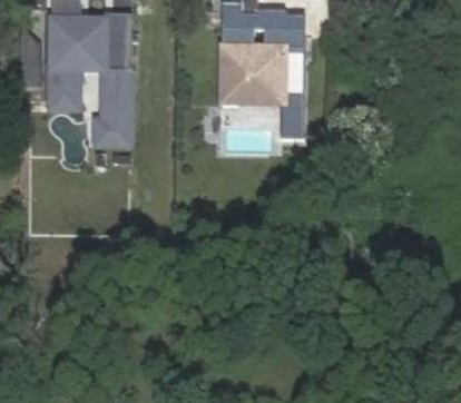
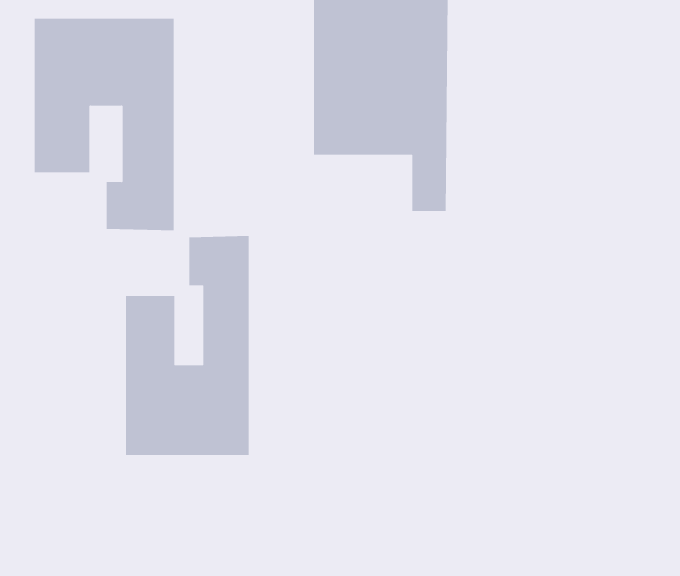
building: none -> [126,235,249,456]

